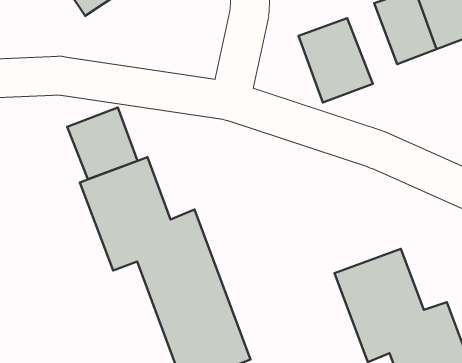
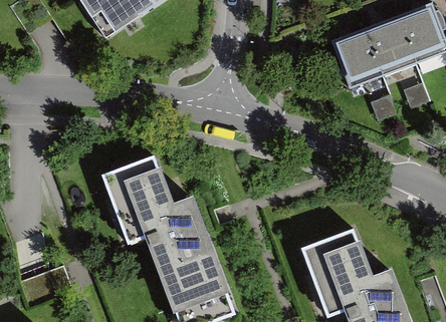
building: [298,18,373,102] -> none
building: [67,108,137,179] -> none

